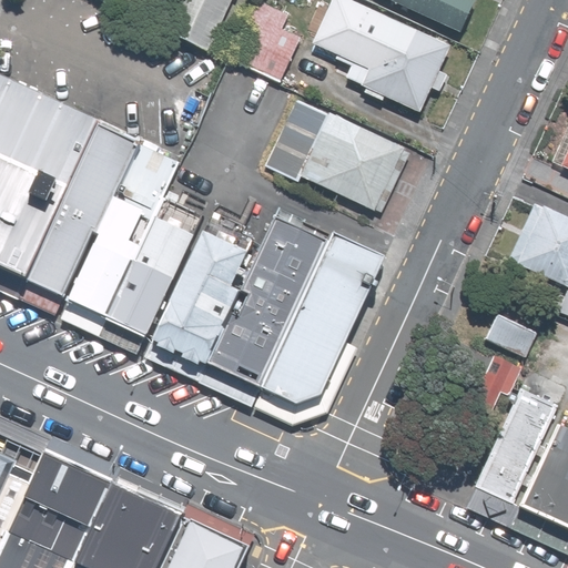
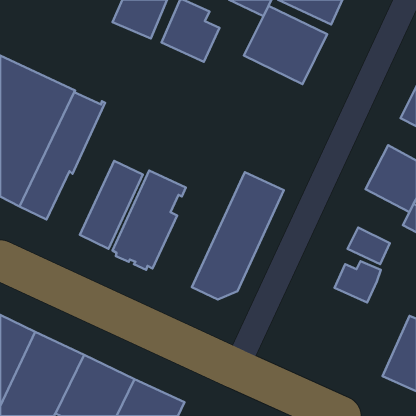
building: [266,100,412,213] -> none
building: [70,144,182,320] -> none
building: [209,209,331,390] -> none
building: [465,383,549,506] -> none

